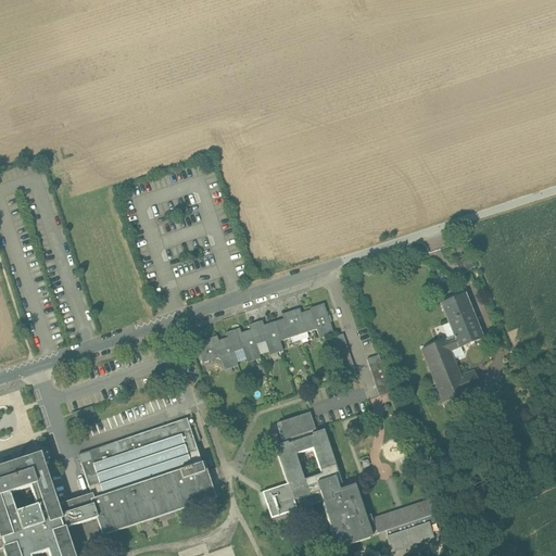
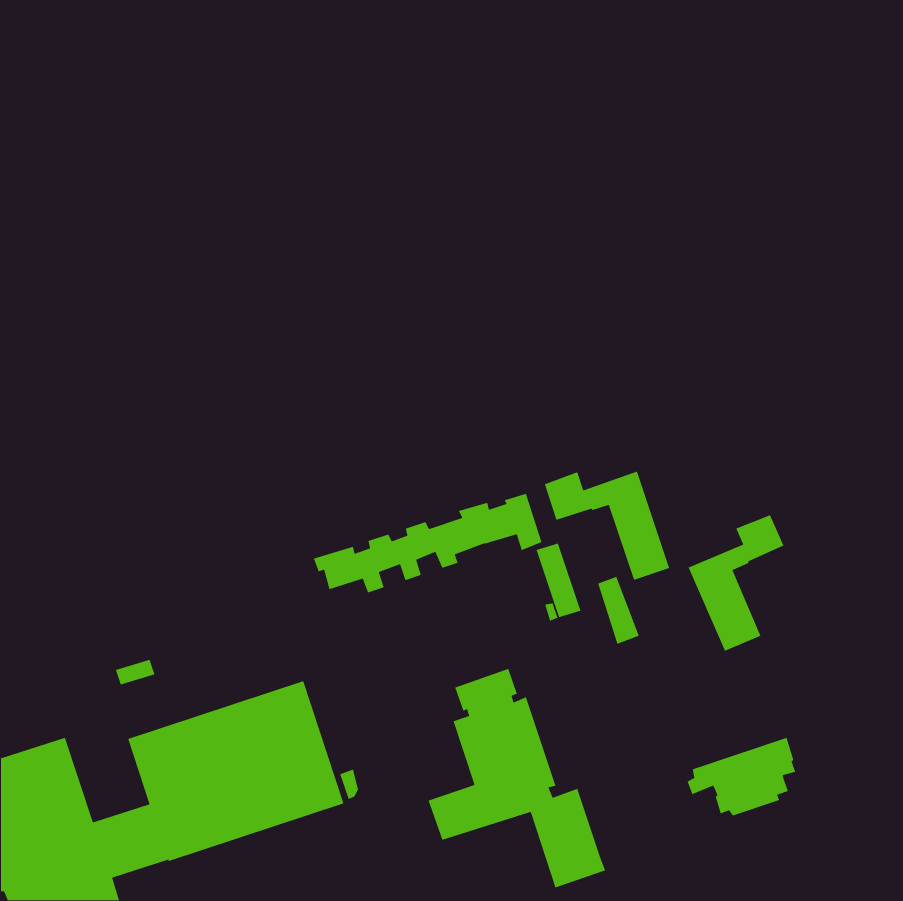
building: none -> [544,471,670,581]
building: [442,292,473,325] -> none
building: [369,500,437,548] -> [686,737,796,816]

